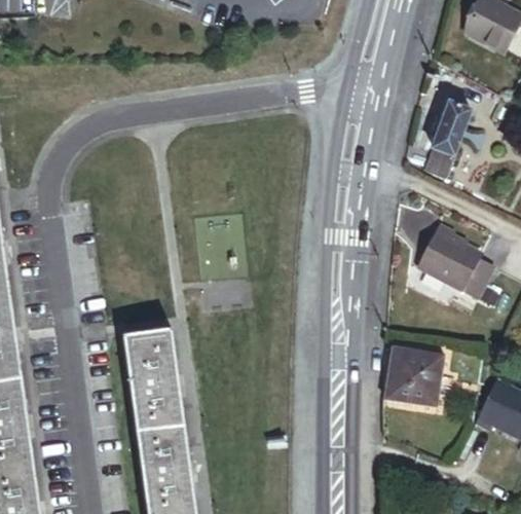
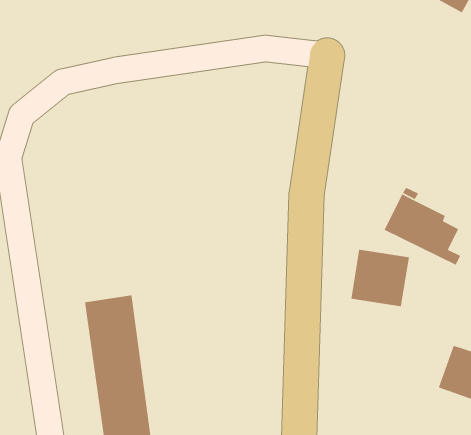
building: [421,102,469,177] -> none
building: [385,346,445,405] -> [350,249,410,307]

